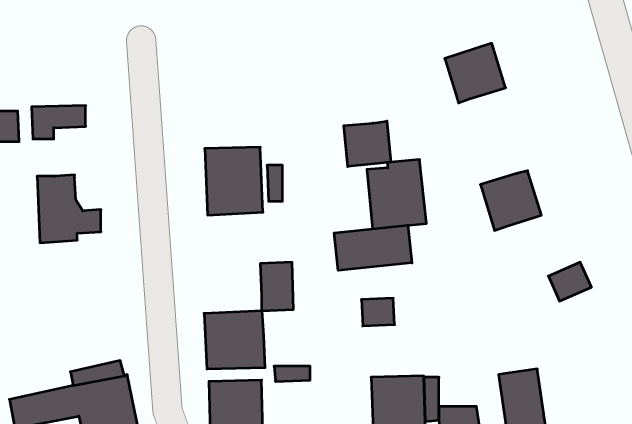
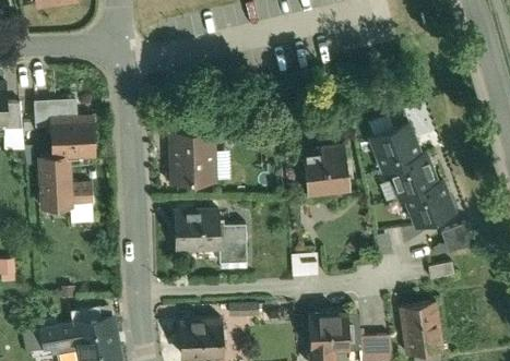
building: [445,43,506,103] -> [369,120,417,167]
building: [344,121,391,167] -> none
building: none -> [52,117,94,158]
building: none -> [410,185,455,230]
building: [334,225,412,270] -> none
building: [204,311,265,369] -> [168,206,216,252]

